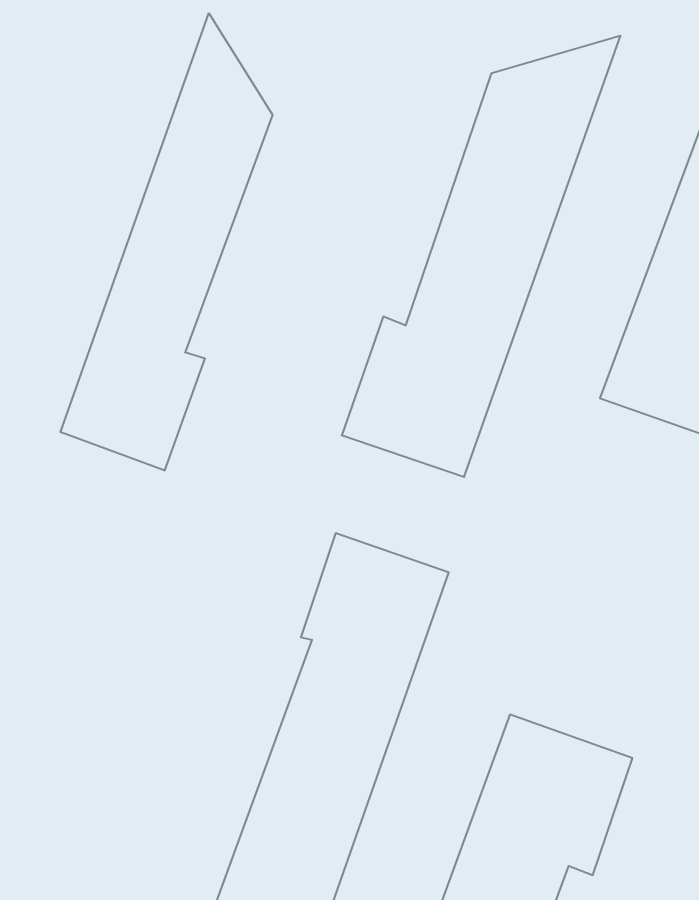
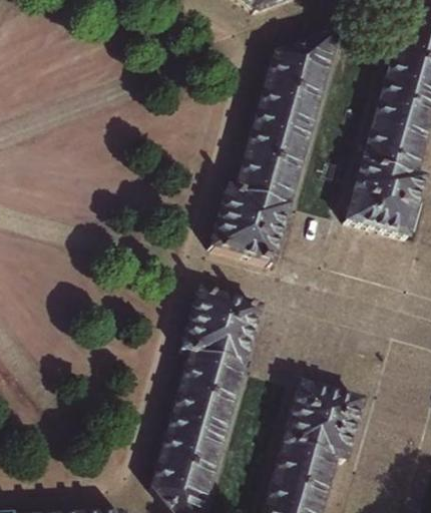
building: [60,13,272,471] -> none

